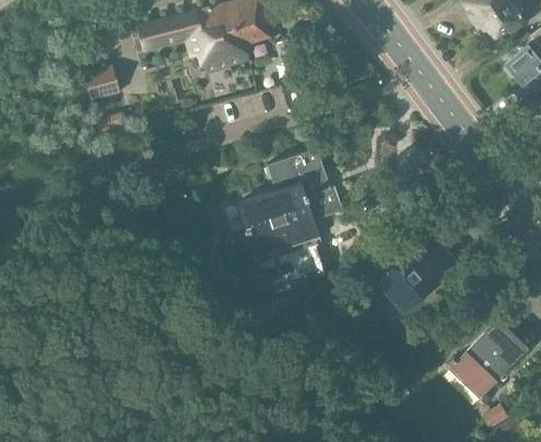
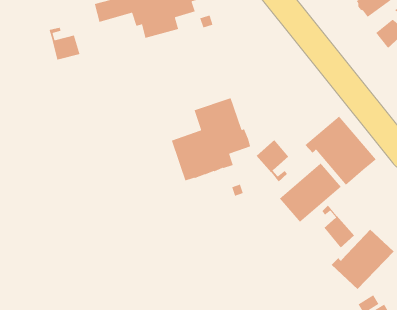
building: none -> [305,116,377,186]
building: none -> [256,139,289,182]
building: none -> [321,204,355,248]

